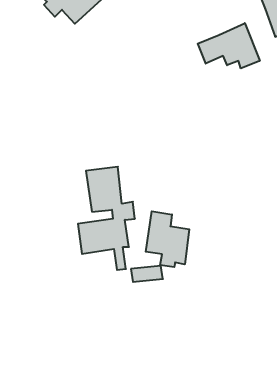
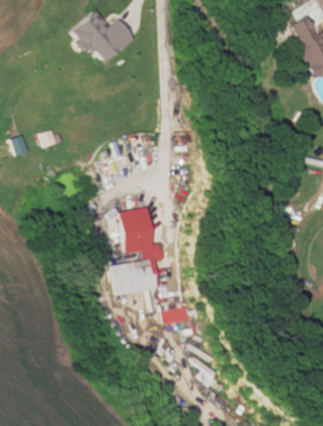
building: [198,23,260,68] -> none
building: [146,211,189,267] -> none

